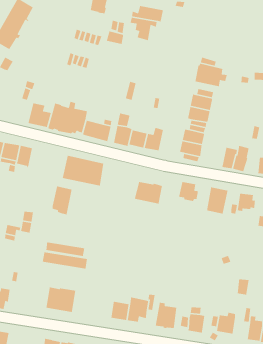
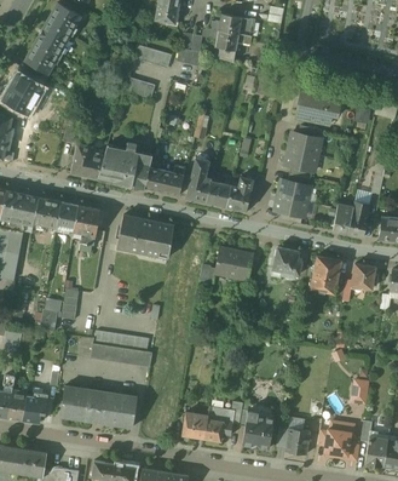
building: [52,186,73,215] -> [73,205,100,245]
building: none -> [59,385,100,420]

